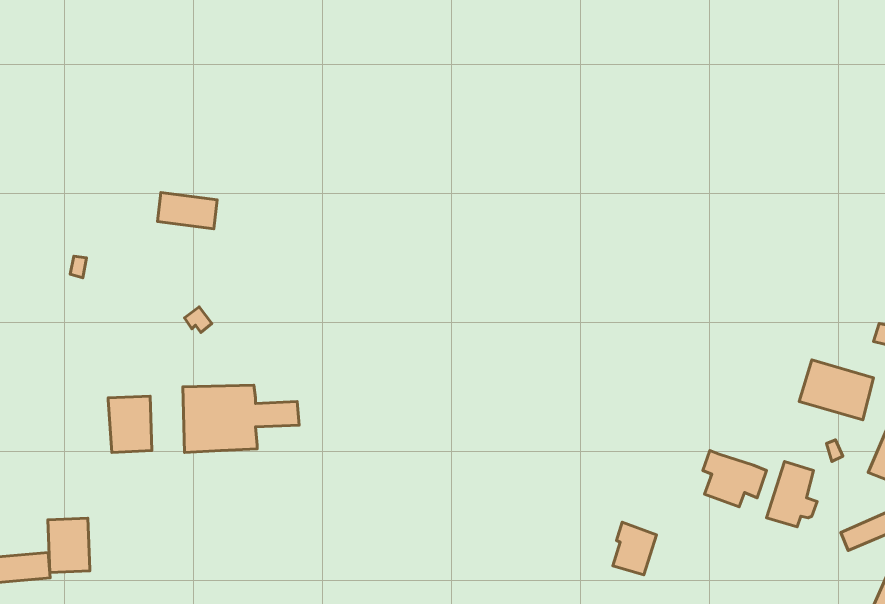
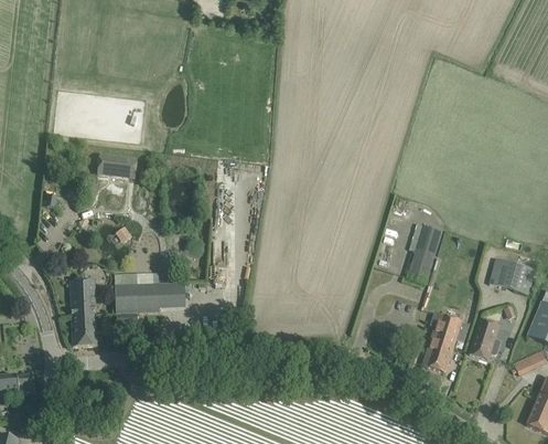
building: none -> [407,224,441,283]
building: [48,518,90,573] -> [72,313,97,346]
building: [613,522,657,575] -> [426,339,452,371]

